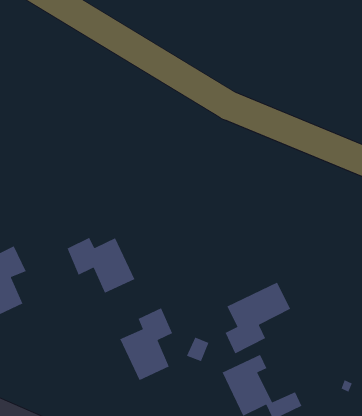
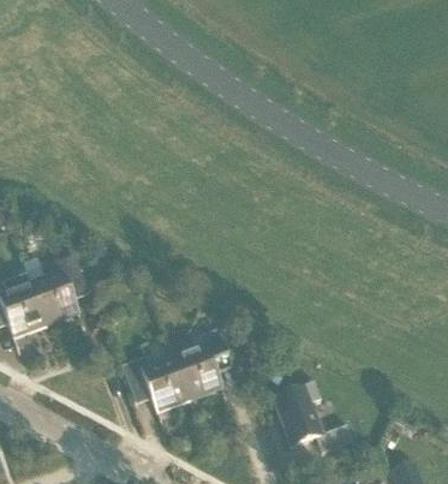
building: [67,237,136,294] -> [123,354,190,413]
building: [224,281,291,354] -> none

